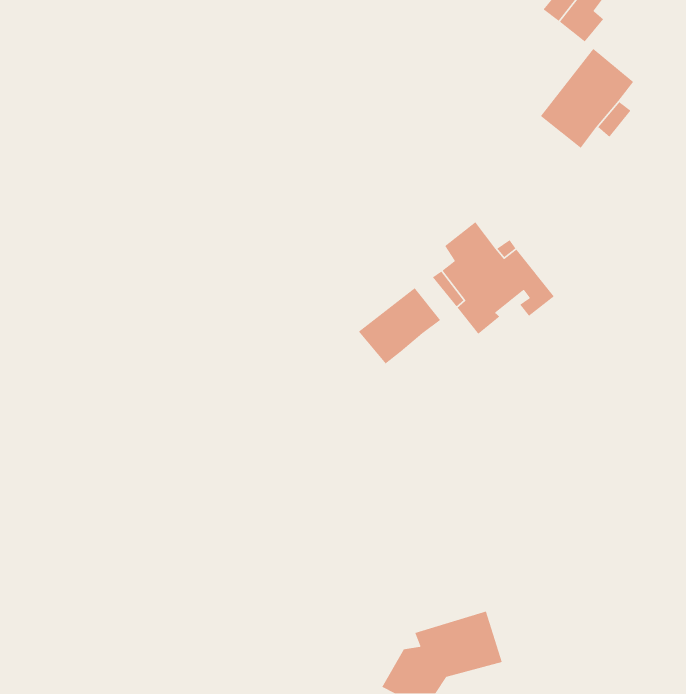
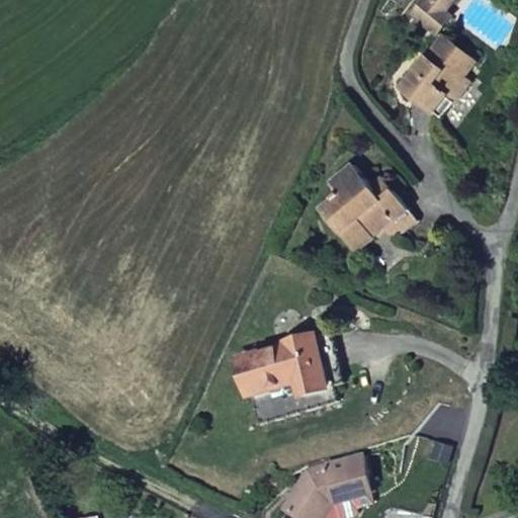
building: [358,287,441,365] -> none
building: none -> [237,329,339,420]

